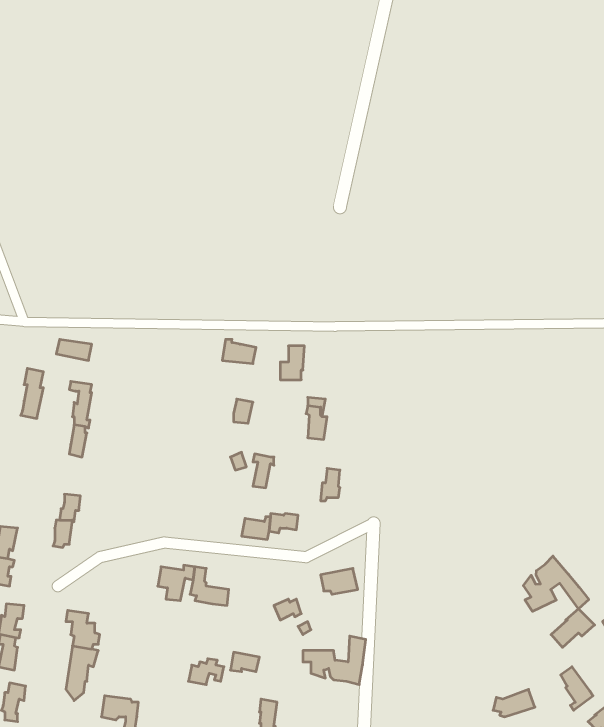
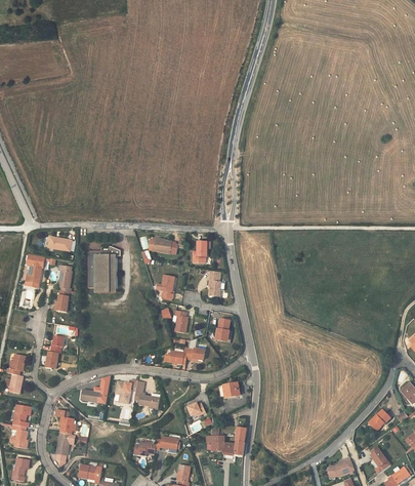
building: none -> [89,250,117,290]
building: [523,556,589,611] -> none
building: none -> [82,377,112,402]

